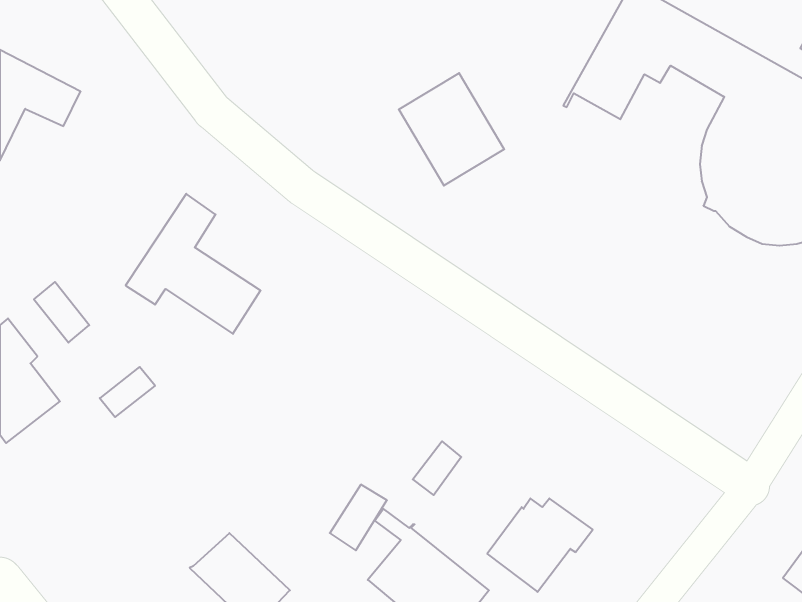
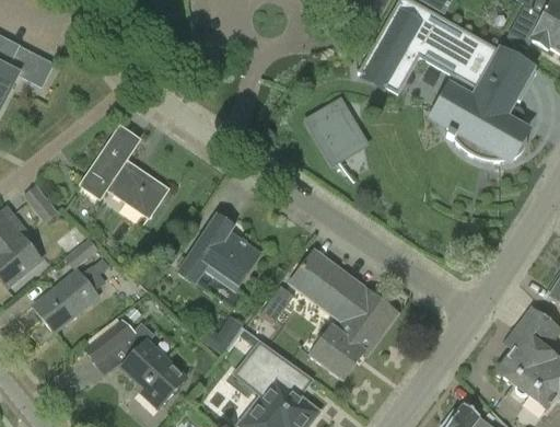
building: [399,73,504,186] -> [302,96,369,168]
building: none -> [178,214,259,289]
building: none -> [289,249,397,339]
building: none -> [33,263,106,331]
building: none -> [85,311,141,368]

